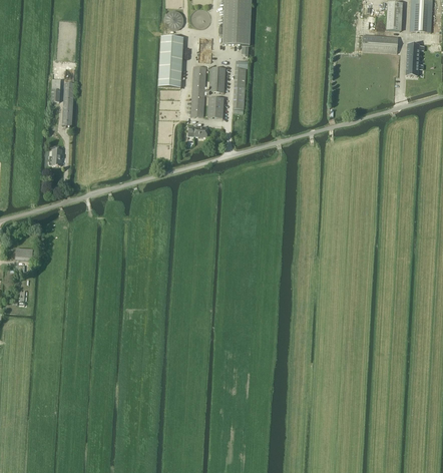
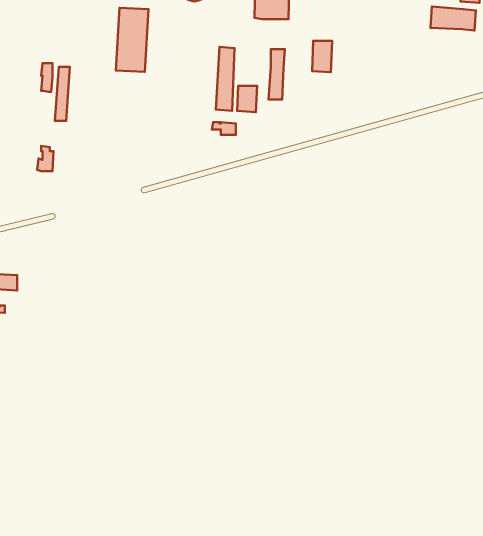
building: [157,36,183,87] -> [116,8,149,72]
building: [208,67,225,92] -> [312,41,332,72]

